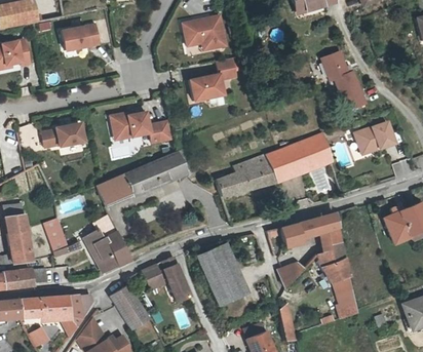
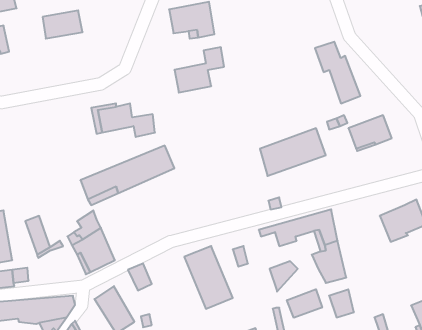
building: [41,122,83,147] -> none
building: [215,154,275,196] -> none
building: [163,256,191,300] -> none
building: none -> [287,289,322,318]

